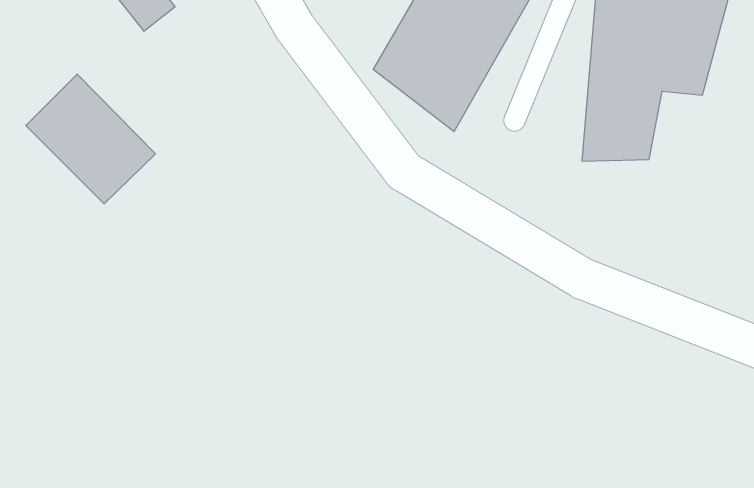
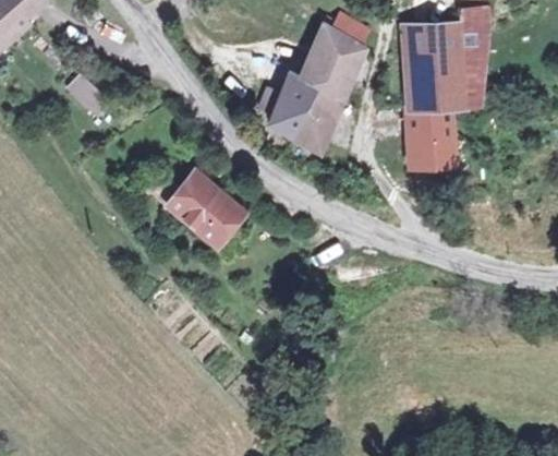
building: [26,74,155,204] -> [160,167,250,251]

